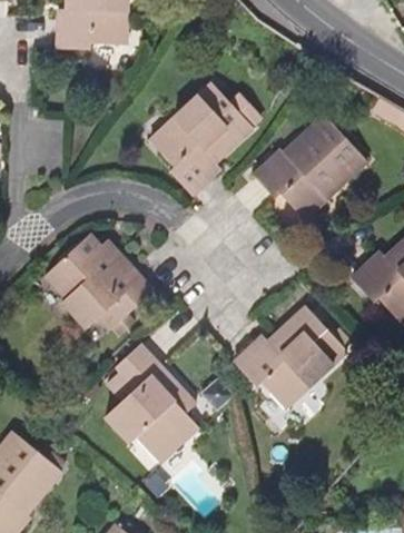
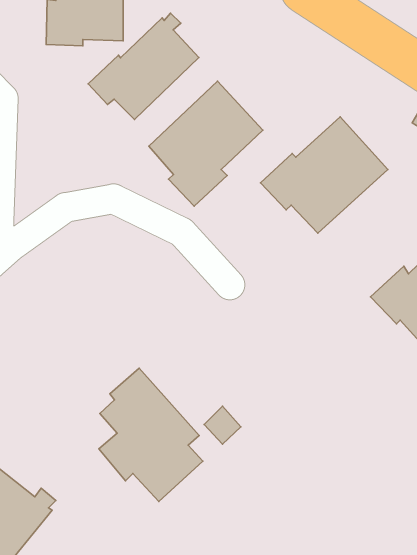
building: none -> [88,13,199,120]
building: [45,233,155,336] -> none
building: [234,305,347,407] -> none

